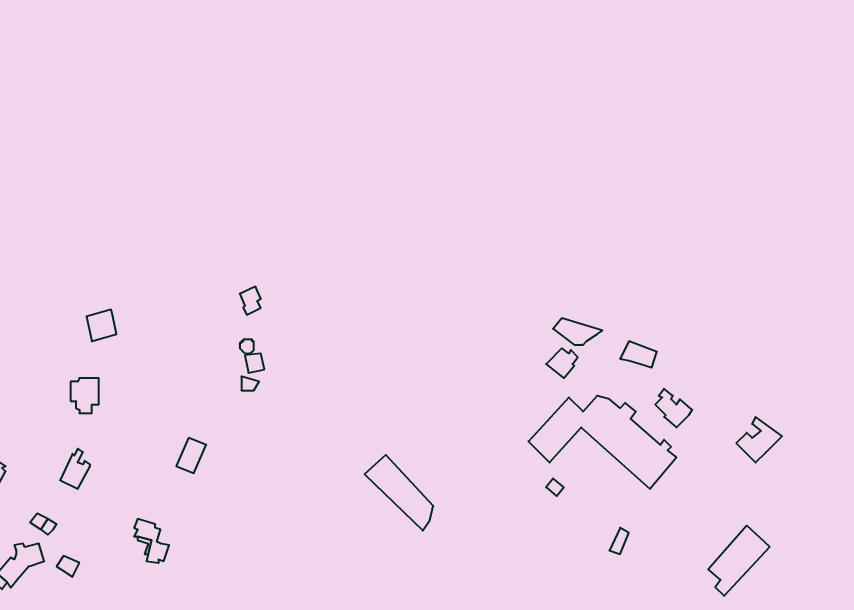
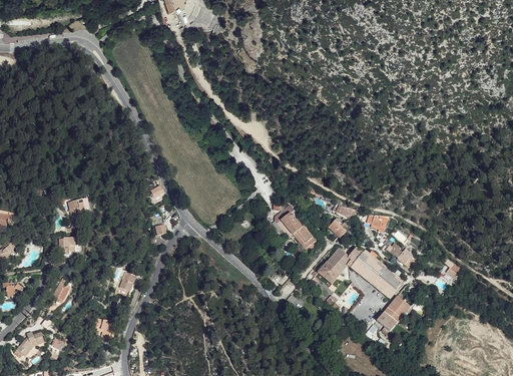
building: [365,455,433,531] -> [277,211,316,254]
building: [708,526,770,596] -> [374,296,409,336]

